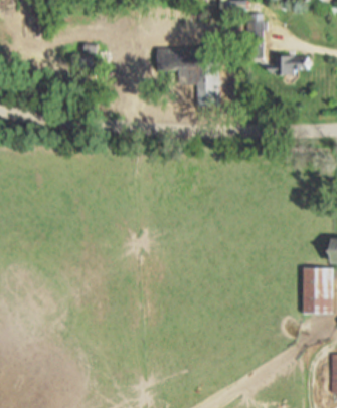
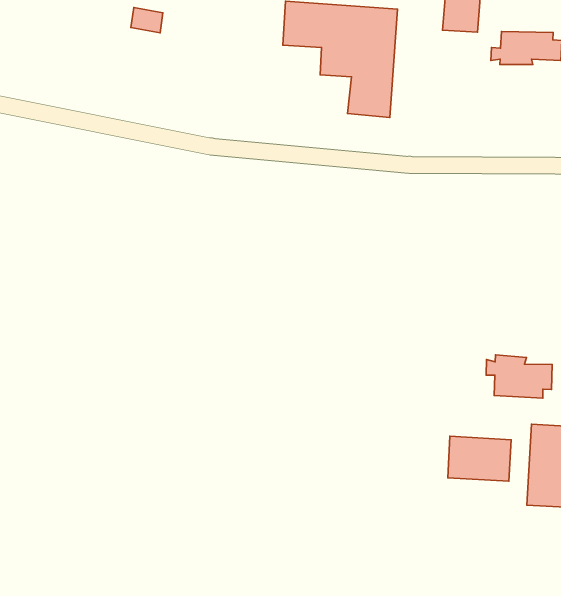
building: none -> [486,355,552,398]
building: none -> [448,436,511,481]

